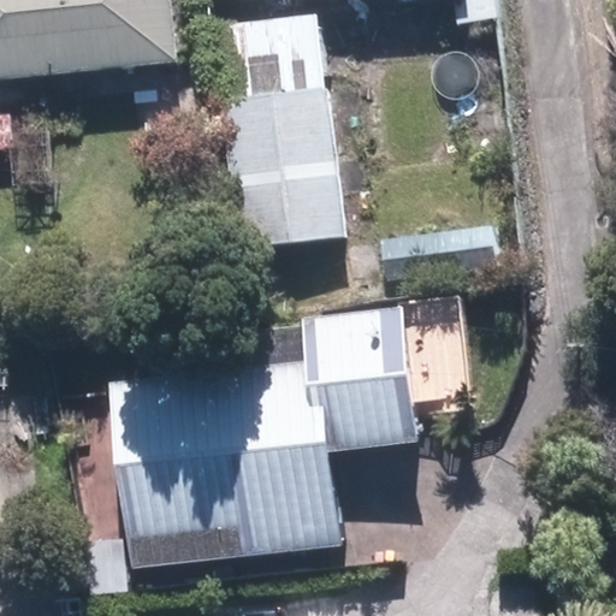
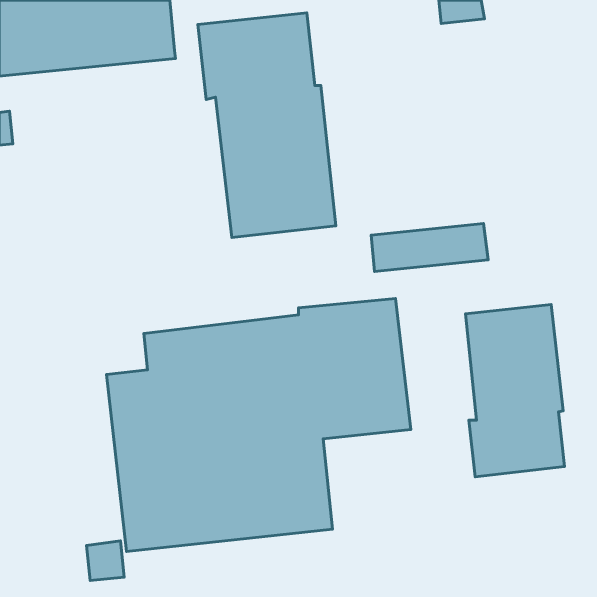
building: none -> [465,304,564,477]

